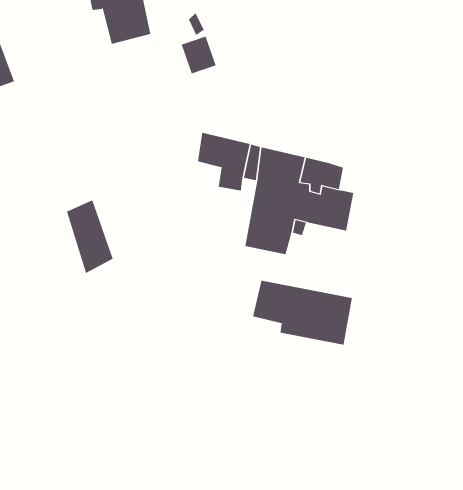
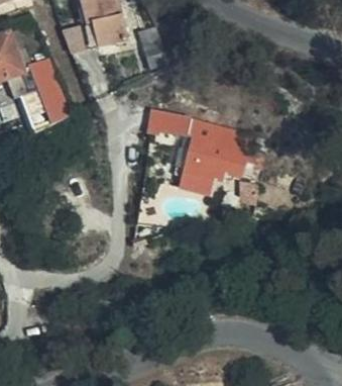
building: [66,200,114,274] -> [35,73,68,123]
building: [252,280,353,345] -> none

